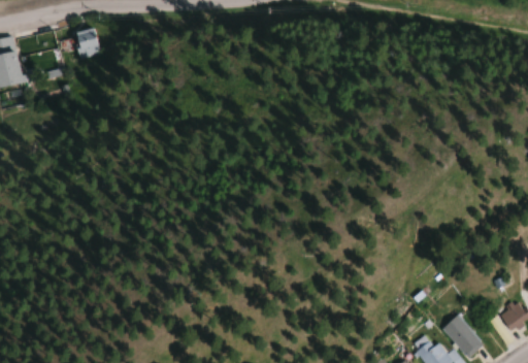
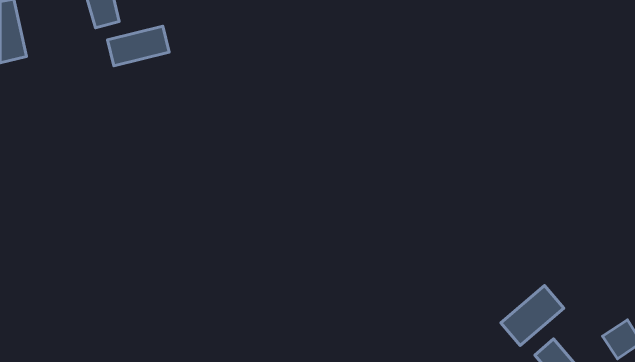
building: none -> [107,26,169,66]
building: none -> [501,285,564,346]

